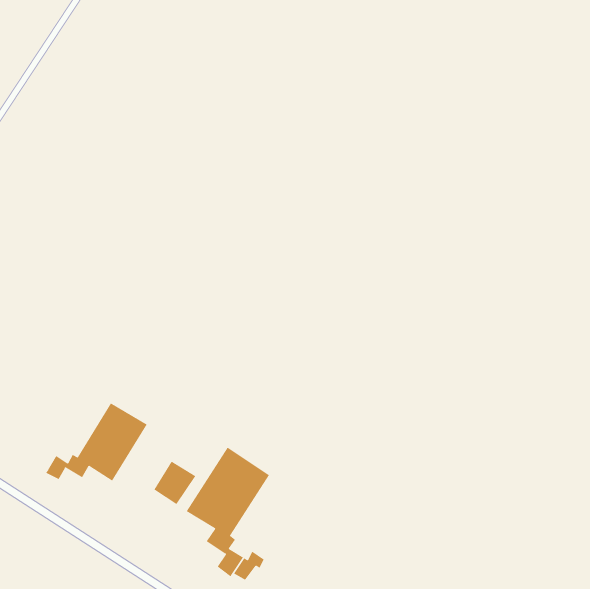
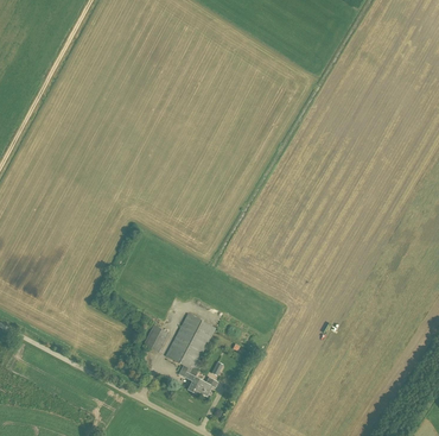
building: [46,402,147,482] -> none

